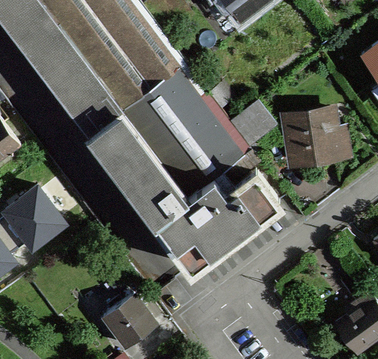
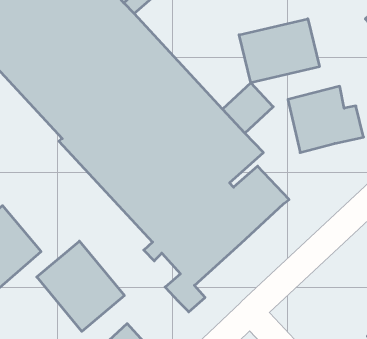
building: none -> [239,19,319,83]
building: none -> [37,241,124,331]

